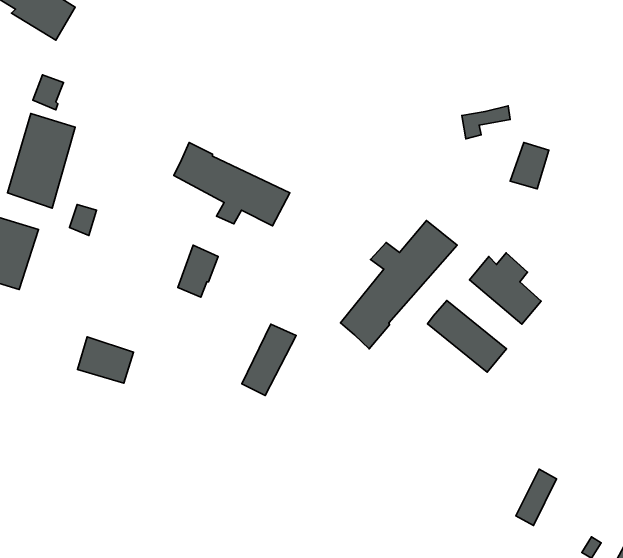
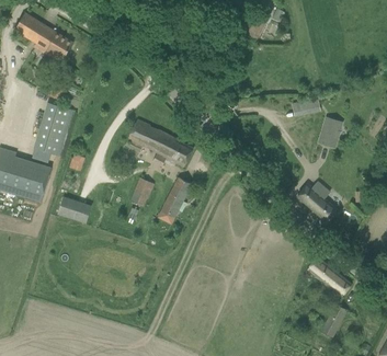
building: [341,221,457,349] -> none
building: [427,301,507,372] -> [307,255,352,296]
building: [242,324,296,396] -> [161,176,192,217]
building: [78,337,134,383] -> [59,196,91,222]

